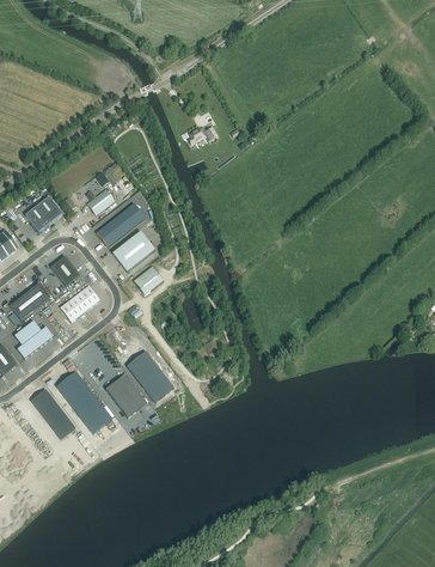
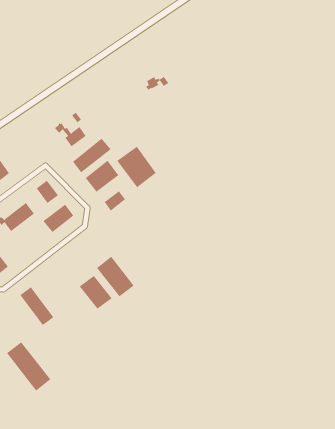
building: [25,195,62,231] -> none
building: none -> [116,146,156,188]
building: [14,319,54,358] -> none
building: [56,371,112,433] -> [6,342,51,392]

